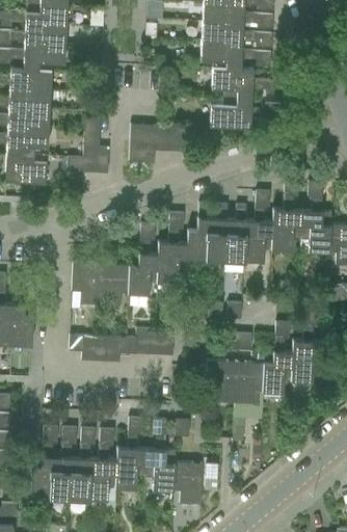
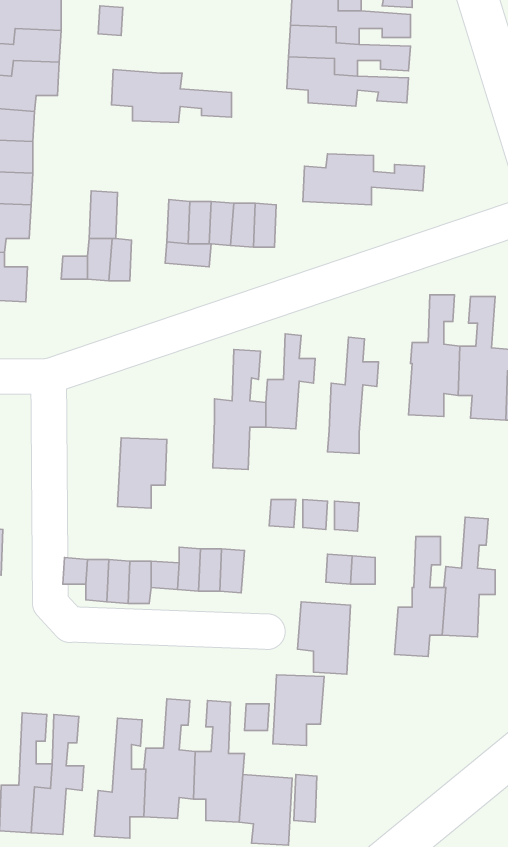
building: [211,68,282,99] -> [111,70,231,122]
building: [242,191,273,263] -> none
building: [205,205,235,261] -> none
building: [128,224,157,294] -> none
building: [71,263,102,305] -> none
building: [235,364,265,405] -> [273,675,324,745]
building: [68,429,98,500] -> none

